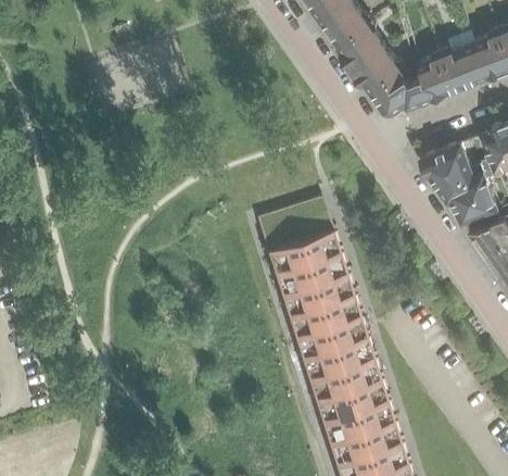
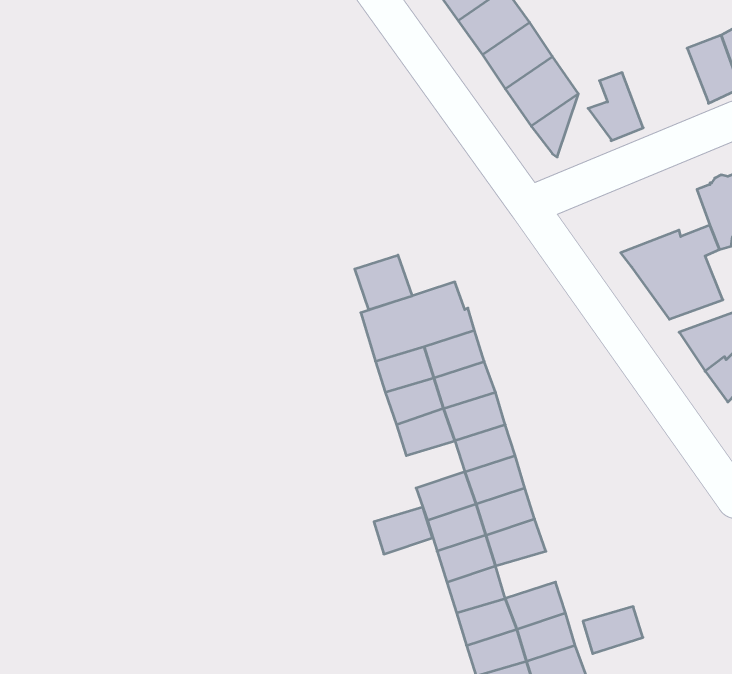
building: [431,40,488,93] -> none
building: [388,71,423,113] -> none
building: [421,142,469,177] -> none
building: none -> [355,255,412,310]
building: [287,303,326,335] -> [374,507,432,554]
building: [346,377,386,409] -> [583,607,643,654]

